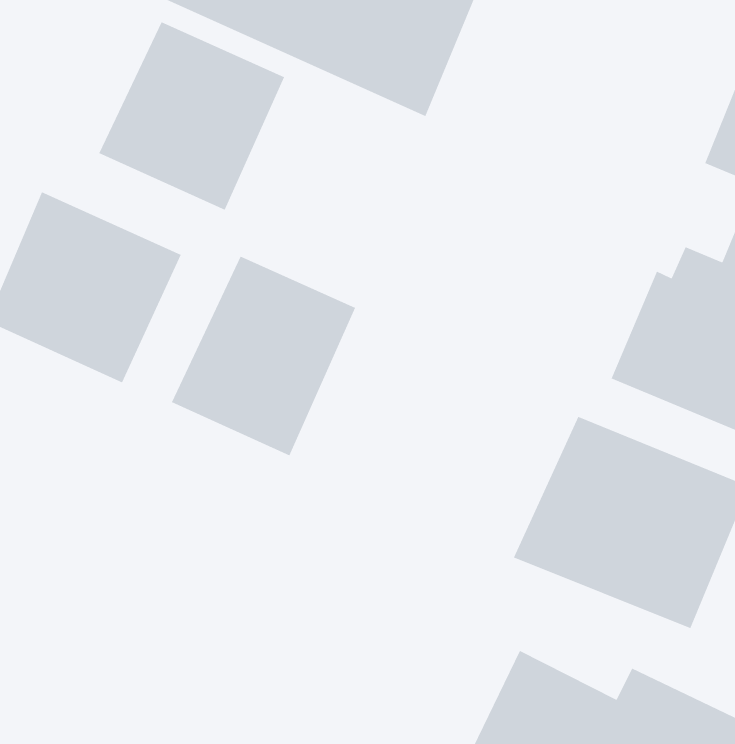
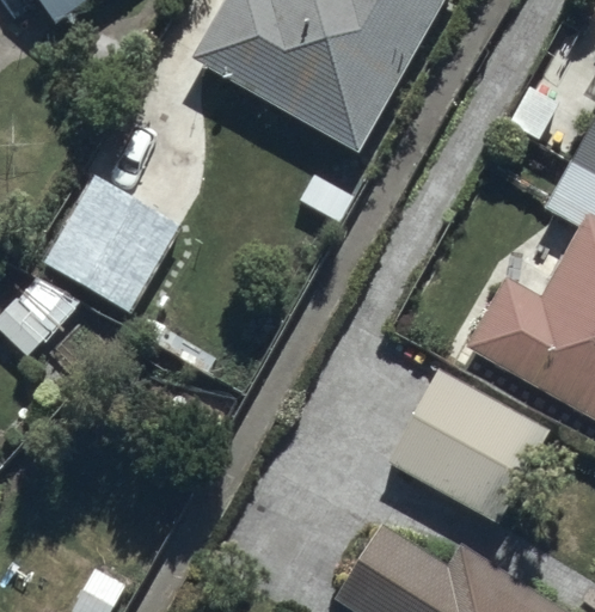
building: [98,21,285,211] -> none
building: [171,255,356,456] -> none

